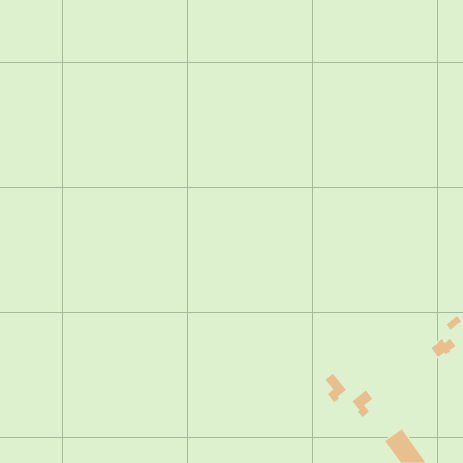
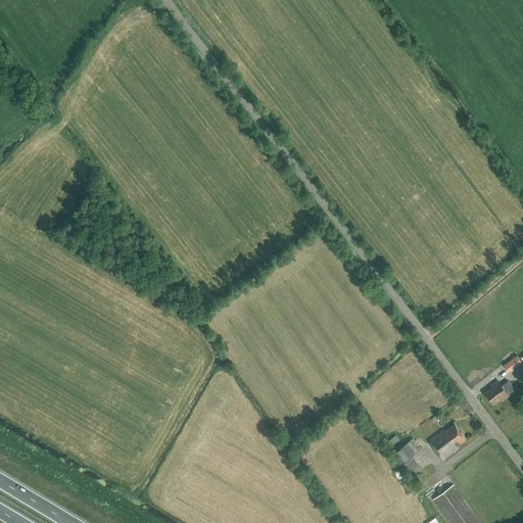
building: [325,373,347,403] -> none
building: none -> [428,425,466,460]

